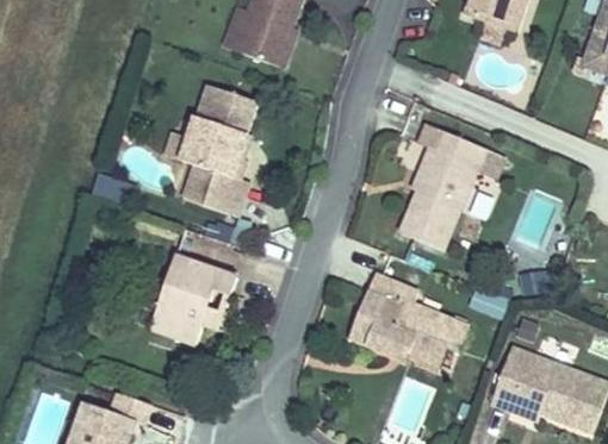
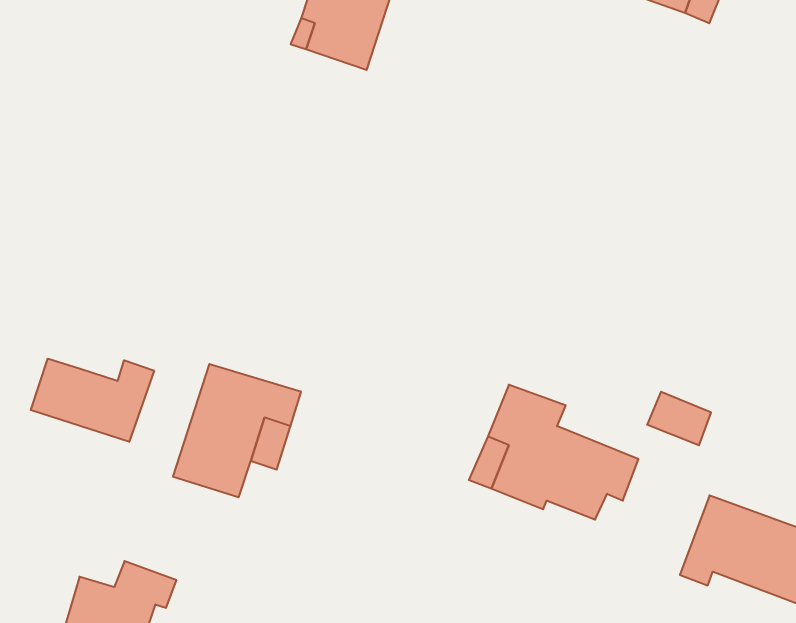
building: [181,90,263,224] -> none
building: [395,133,482,246] -> none
building: none -> [31,359,154,442]

